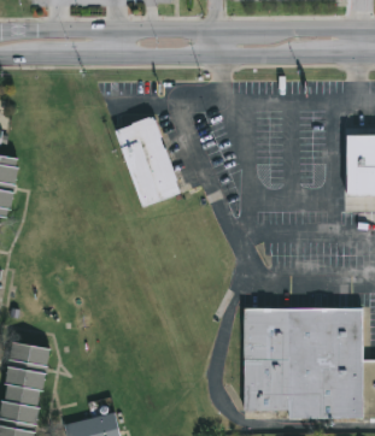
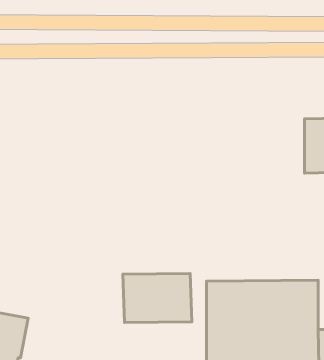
building: [115,116,181,206] -> none
building: none -> [123,274,192,322]

